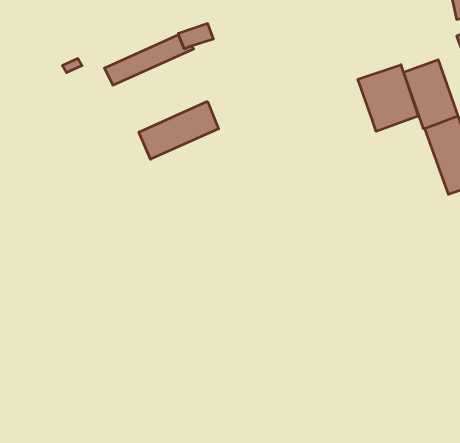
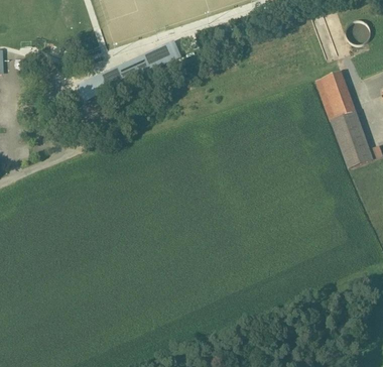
building: [358,65,418,131] -> none
building: [139,102,219,159] -> none

